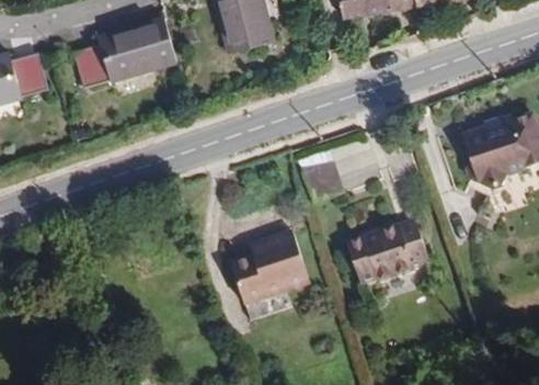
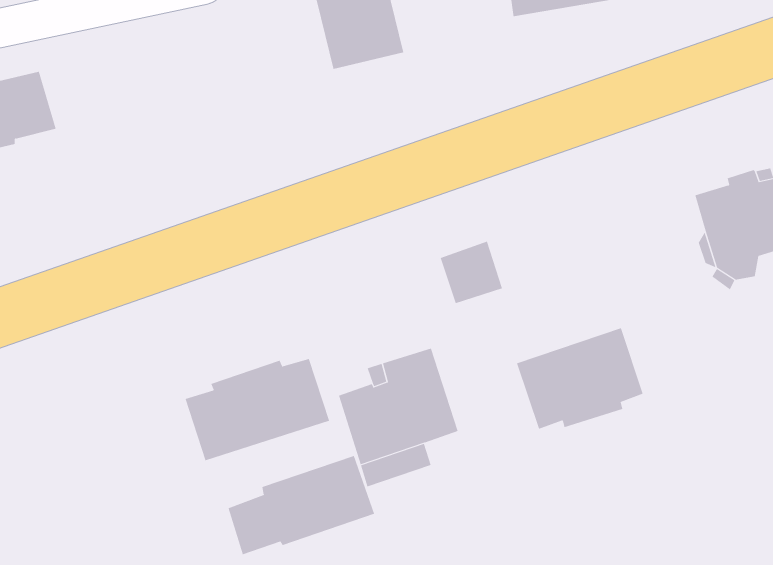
building: [73,18,177,89] -> none
building: none -> [185,358,330,461]
building: none -> [228,455,375,555]

